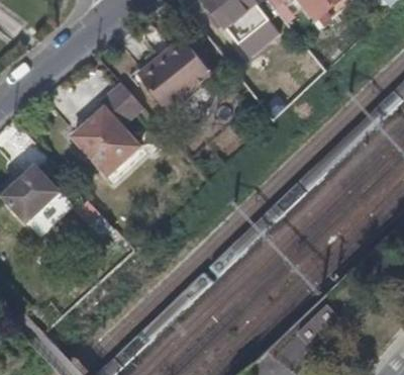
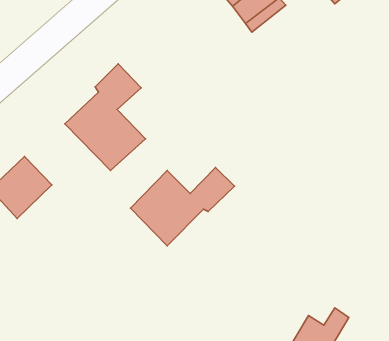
building: [138,29,211,103] -> none
building: none -> [130,168,234,246]

